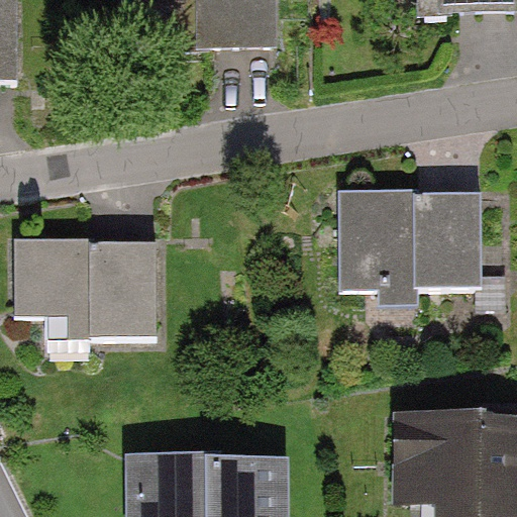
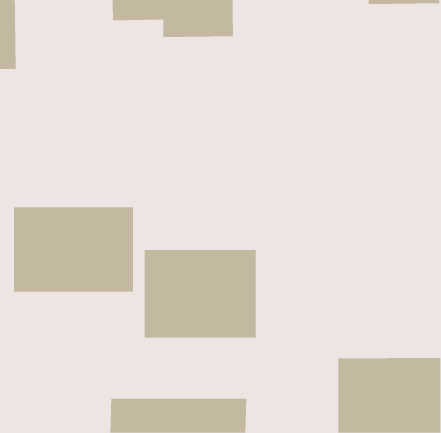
building: [341,191,481,290] -> none
building: none -> [144,249,256,339]

